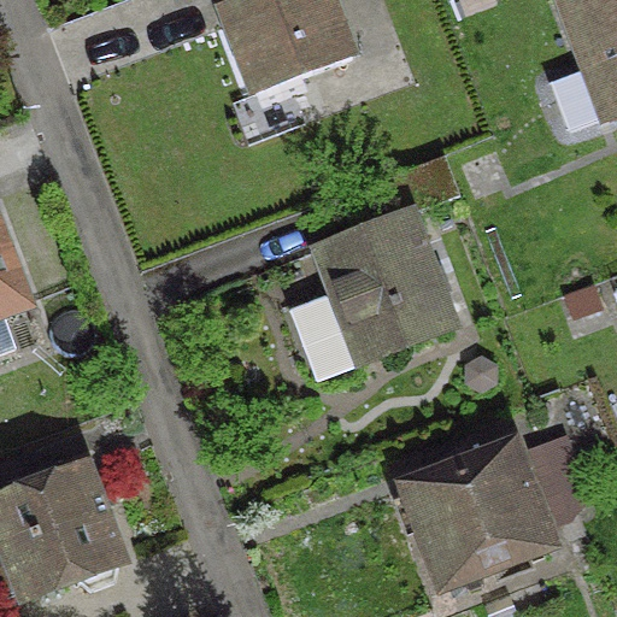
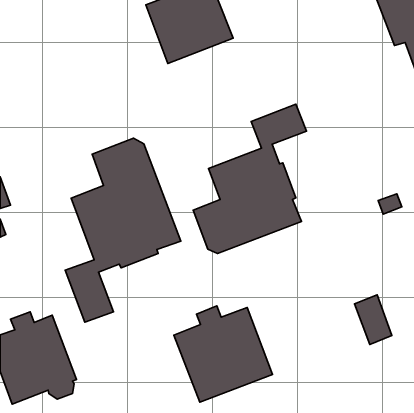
building: none -> [65,138,181,322]
building: [401,443,547,586] -> [174,306,272,402]

